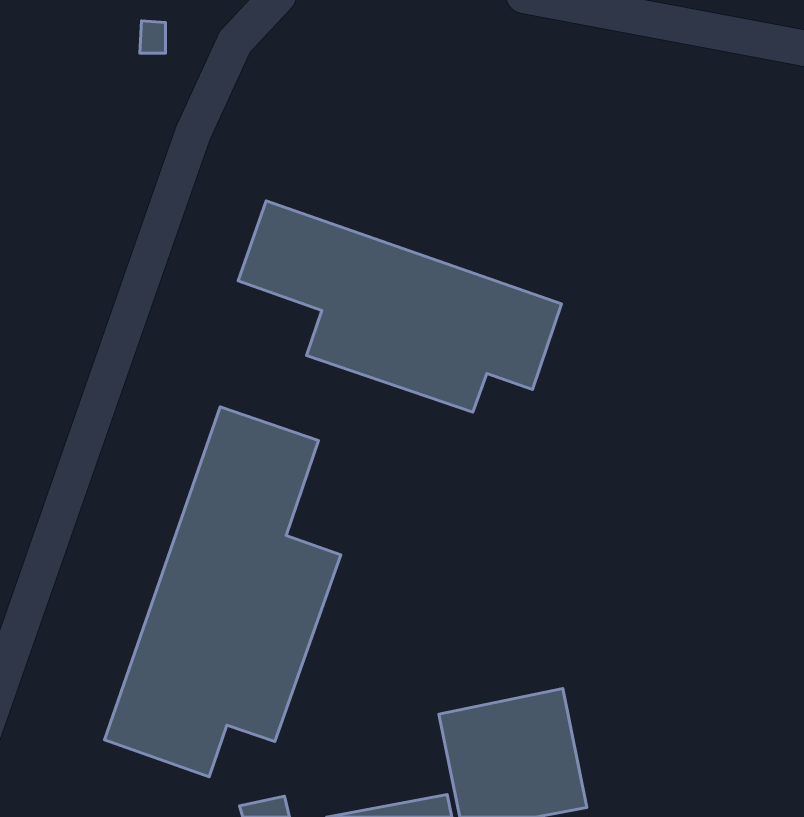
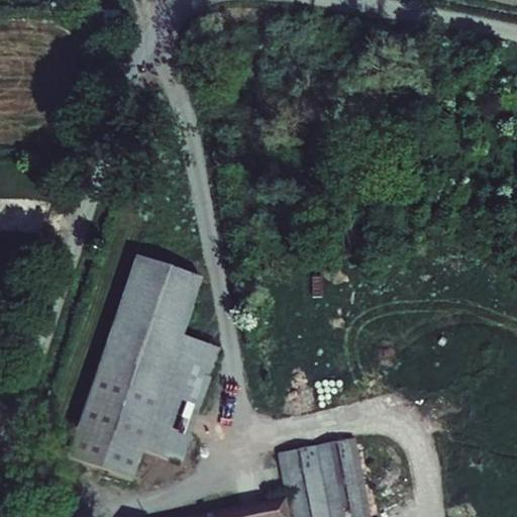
building: [238,201,562,412] -> none

